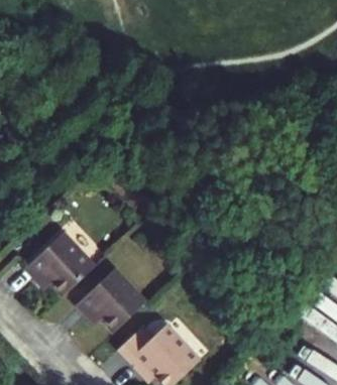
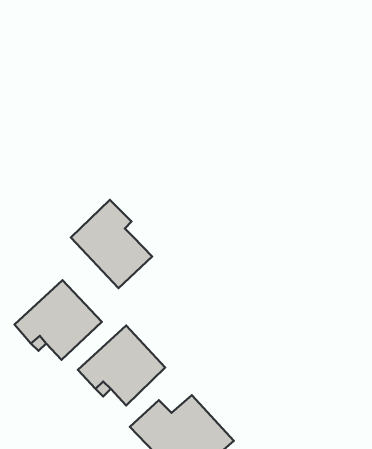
building: none -> [71,200,152,288]

